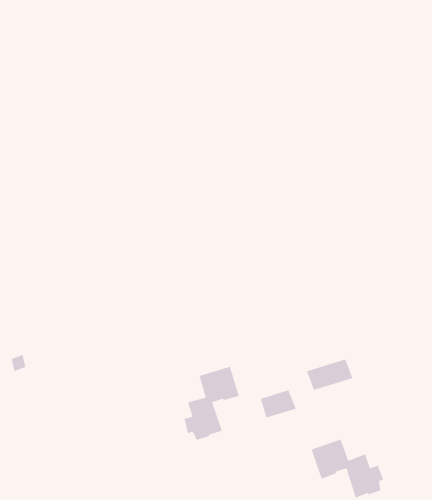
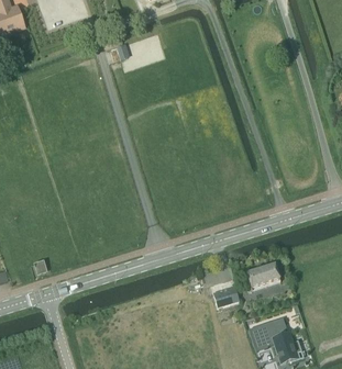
building: [183,366,240,441] -> none

